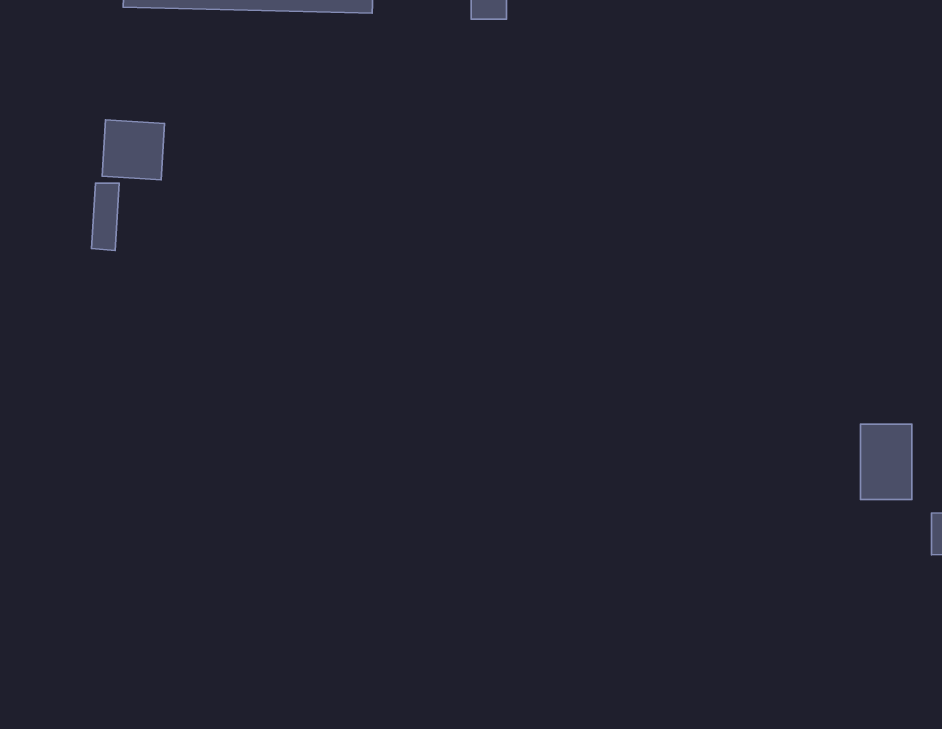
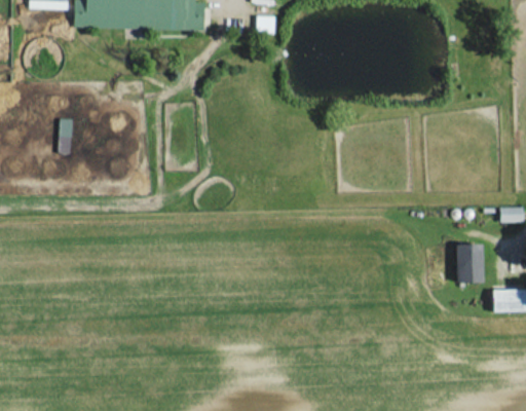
building: [102,120,165,180] -> none

